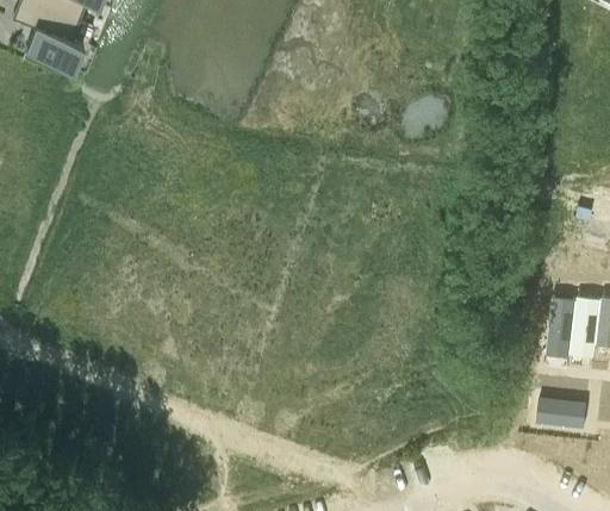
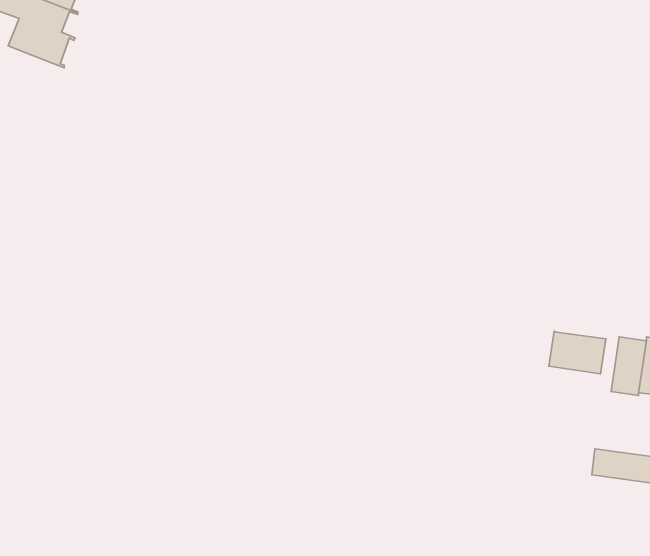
building: none -> [549,331,606,374]

